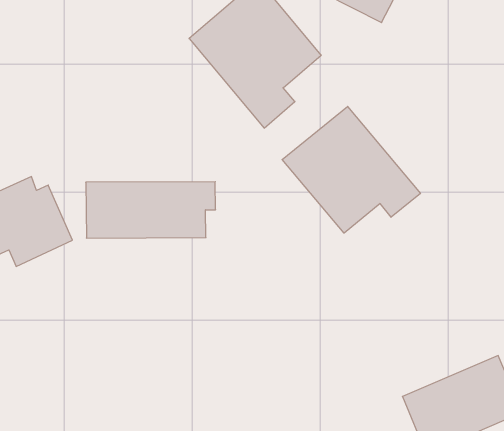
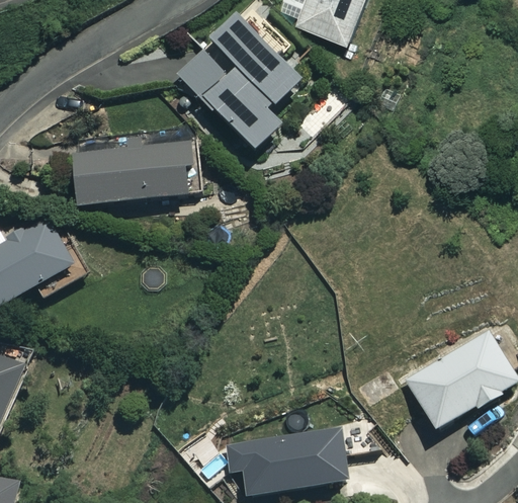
building: [282,106,420,233] -> none
building: [86,182,216,238] -> [72,141,192,204]

